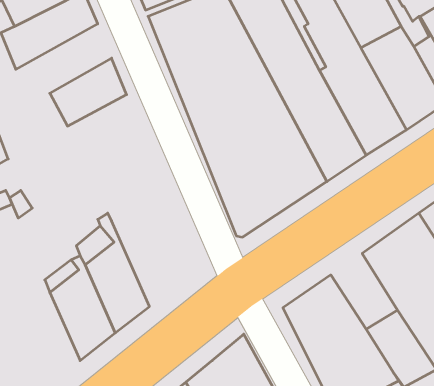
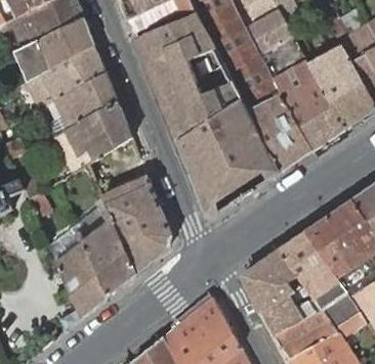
building: none -> [27,44,105,107]
building: none -> [54,101,131,173]
building: none -> [100,173,171,273]
building: none -> [283,230,337,291]

